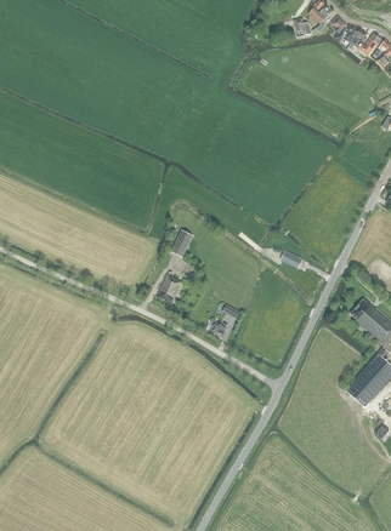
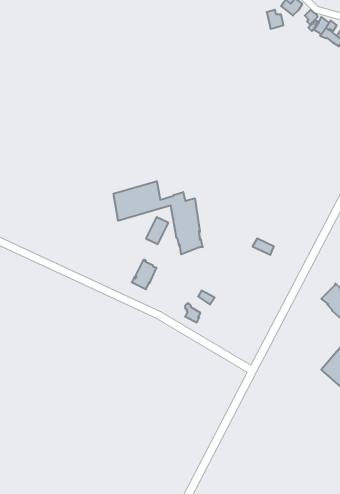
building: none -> [114,181,203,254]

